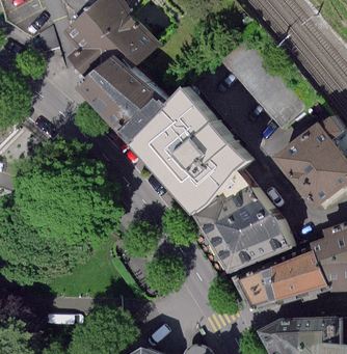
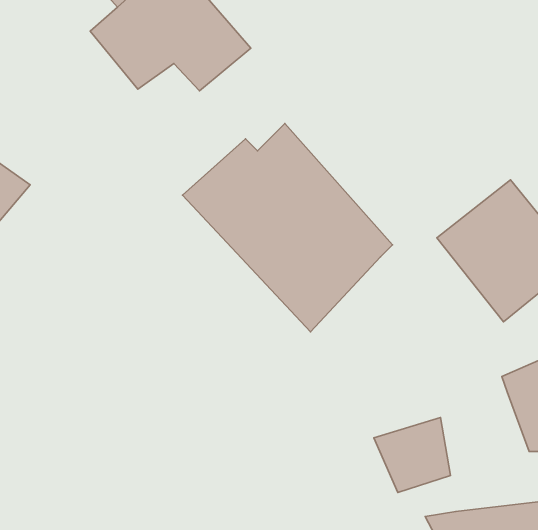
building: [77,52,157,132] -> none
building: [196,169,293,270] -> none
building: [275,251,329,302] -> none

